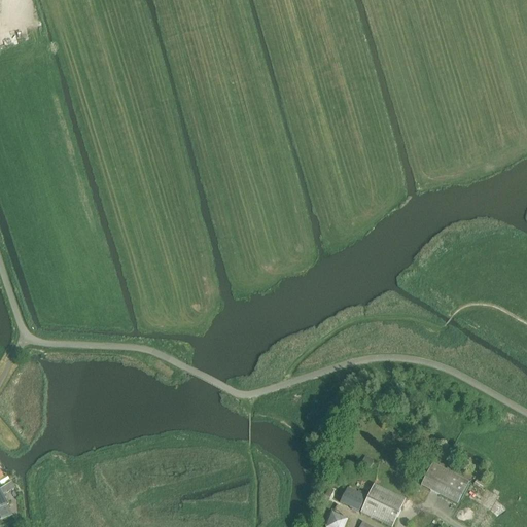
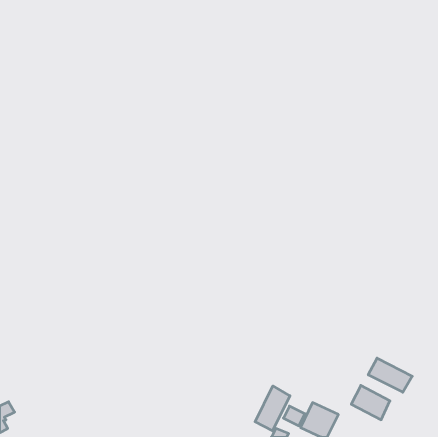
building: none -> [368,358,412,392]
building: none -> [255,386,290,431]

